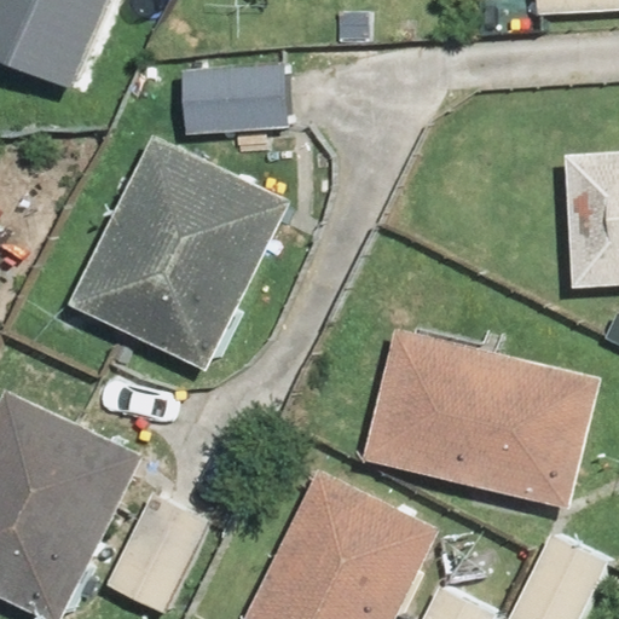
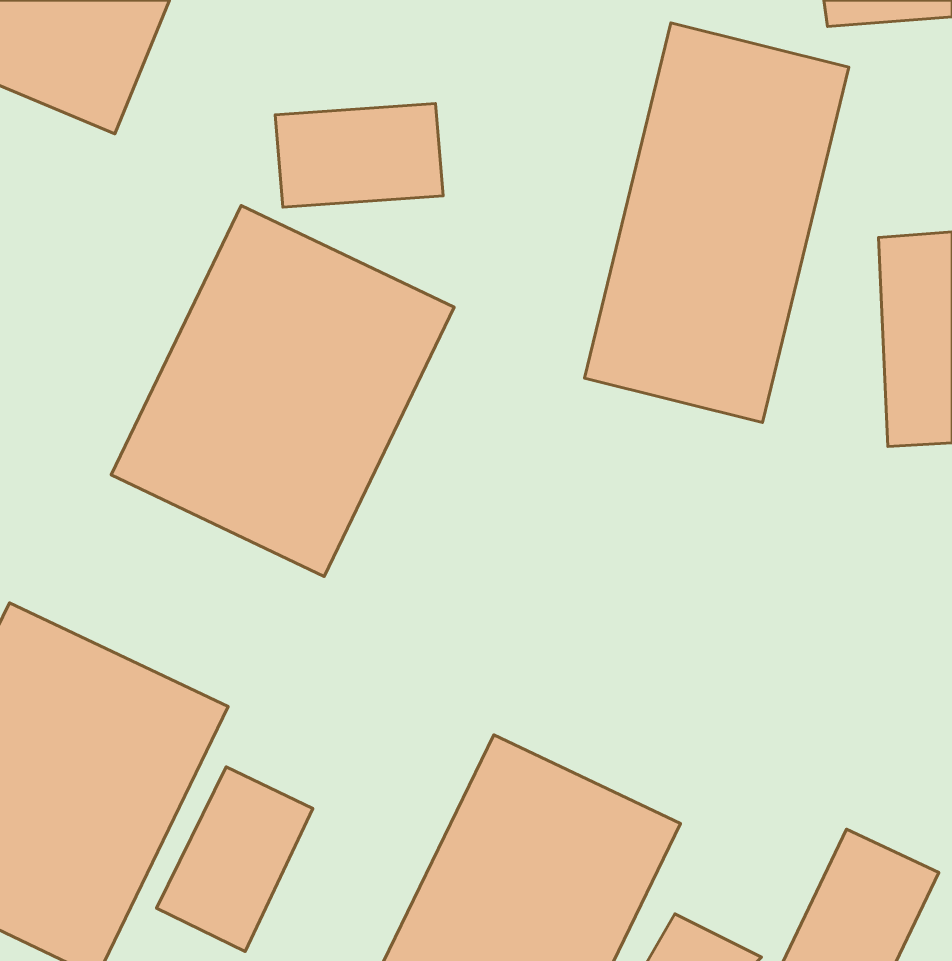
building: none -> [585,23,849,423]
building: [364,331,600,508] -> none

